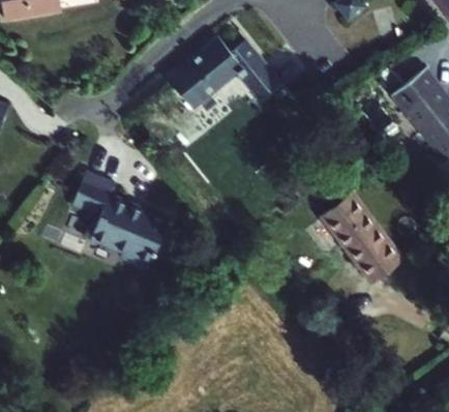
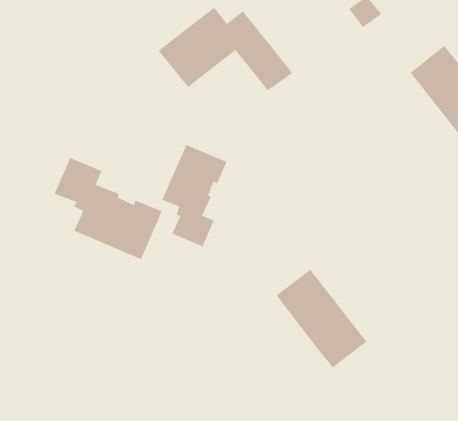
building: none -> [162,144,227,247]
building: [320,194,401,283] -> [276,269,367,368]

